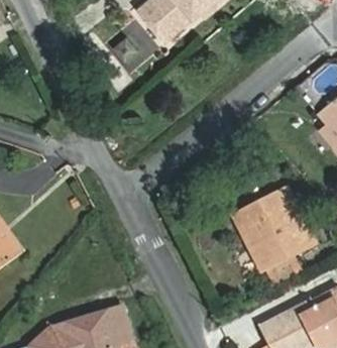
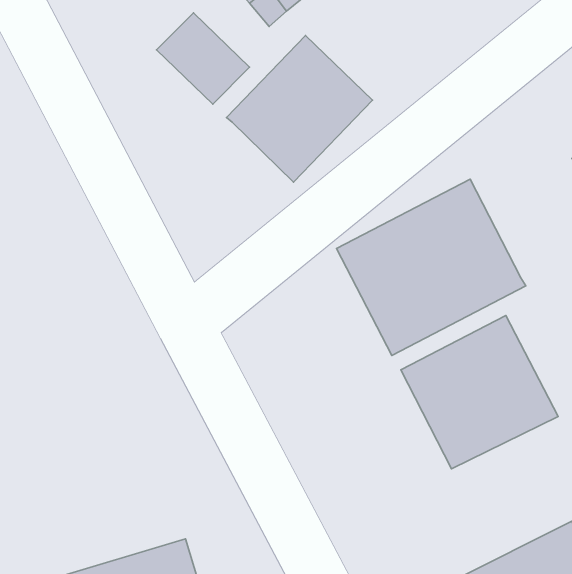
building: none -> [227,35,373,182]
building: none -> [336,179,526,355]

